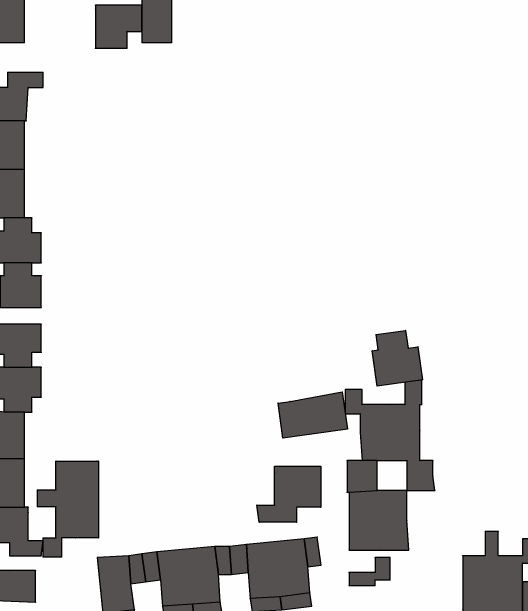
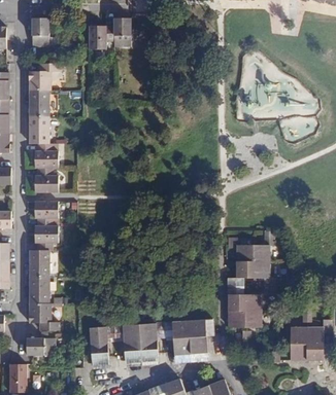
building: [372,330,423,386] -> none
building: [278,392,347,438] -> none
building: [37,461,98,557] -> none
building: [257,466,321,522] -> none

